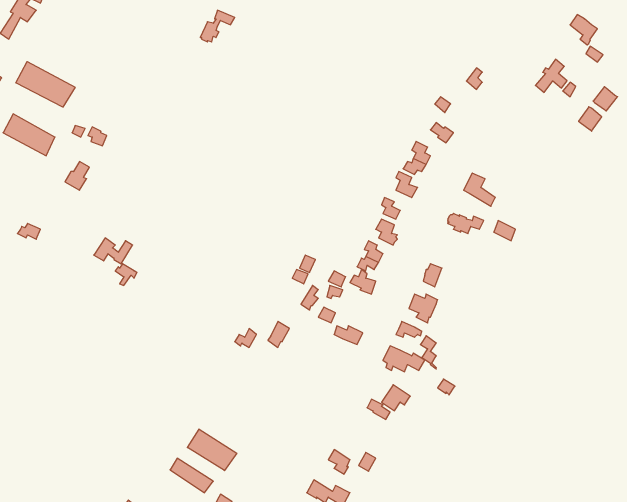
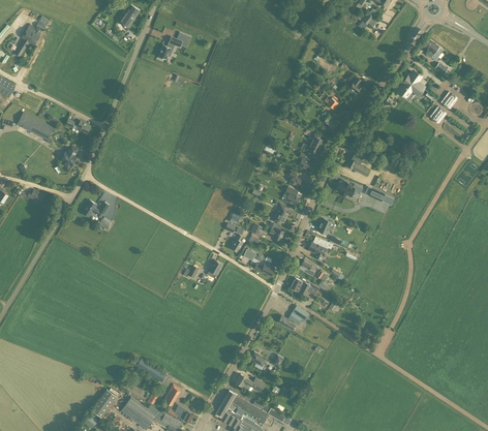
building: [16,62,75,107] -> none
building: [187,429,237,471] -> none

